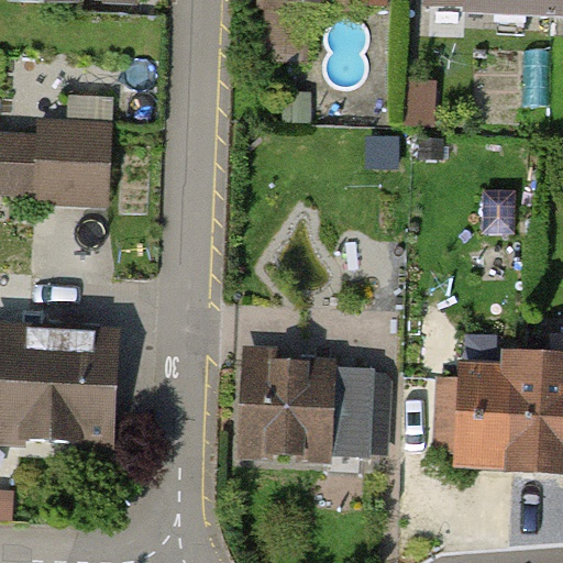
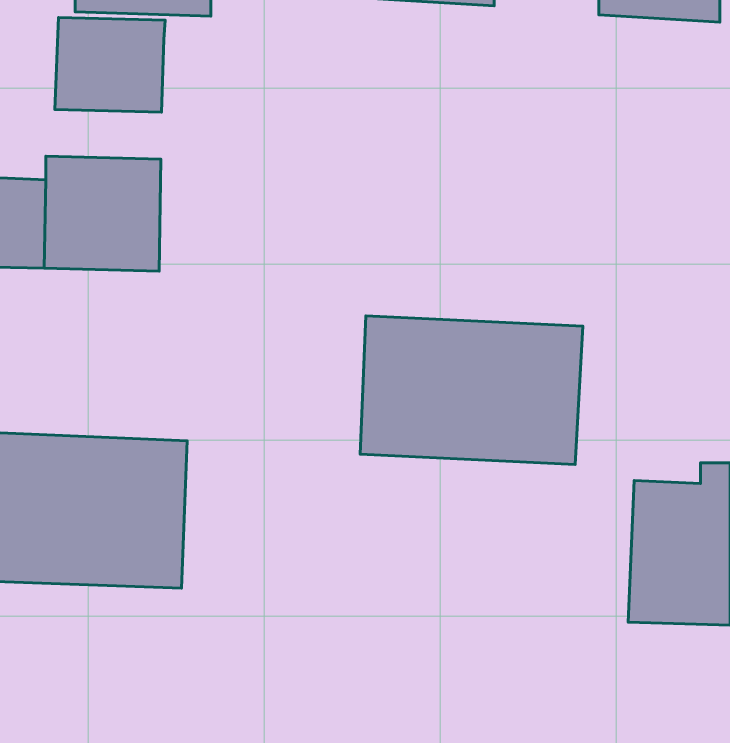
building: none -> [55,17,165,112]
building: [220,350,386,461] -> [360,316,583,465]

